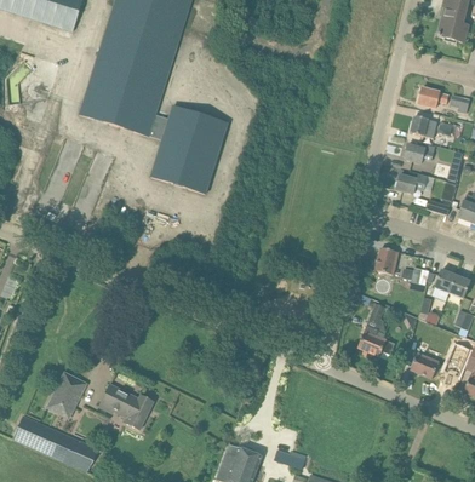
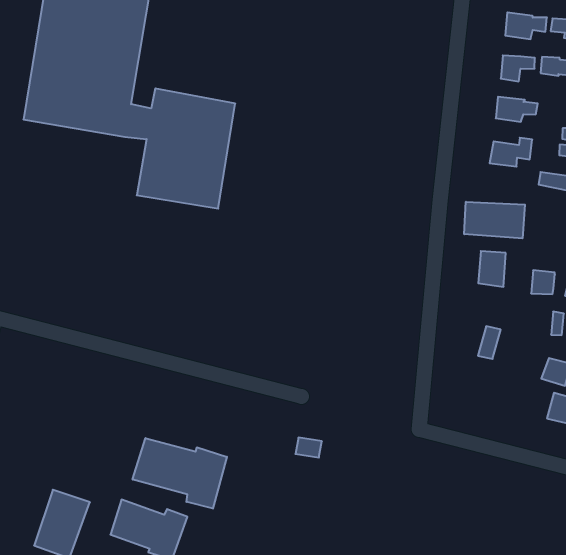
building: none -> [464,202,525,238]
building: [357,325,395,356] -> none
building: none -> [133,438,227,509]

